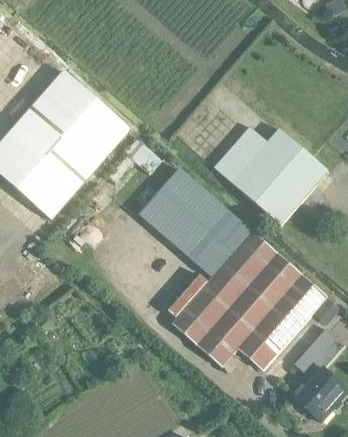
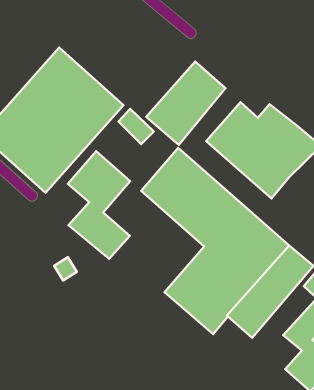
building: none -> [146,61,225,145]
building: none -> [68,151,130,259]

